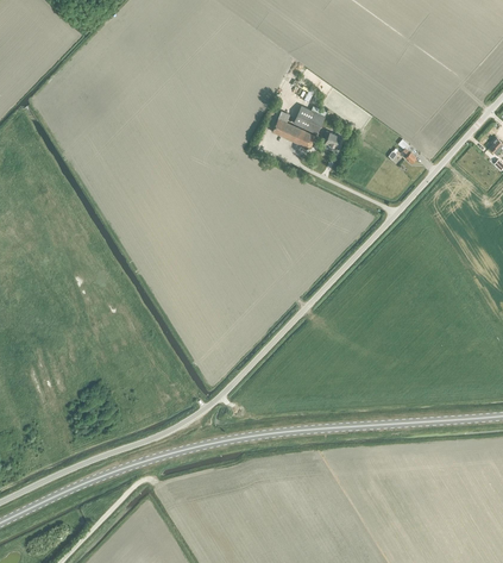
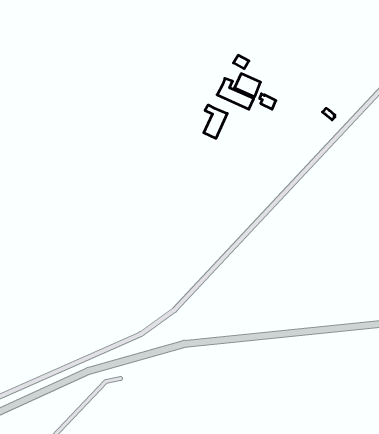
building: none -> [204,105,227,138]

